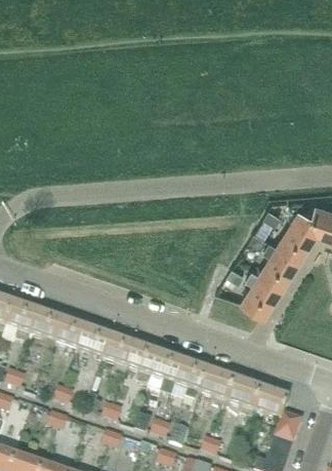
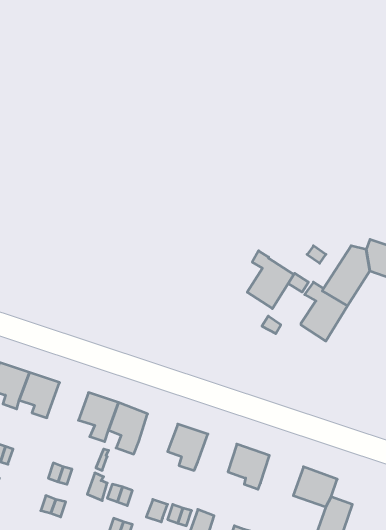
building: [243,266,281,313] -> [247,251,294,309]
building: [55,319,87,350] -> none
building: [128,345,160,381] -> none
building: [176,361,208,401] -> none
building: [227,379,262,416] -> none

